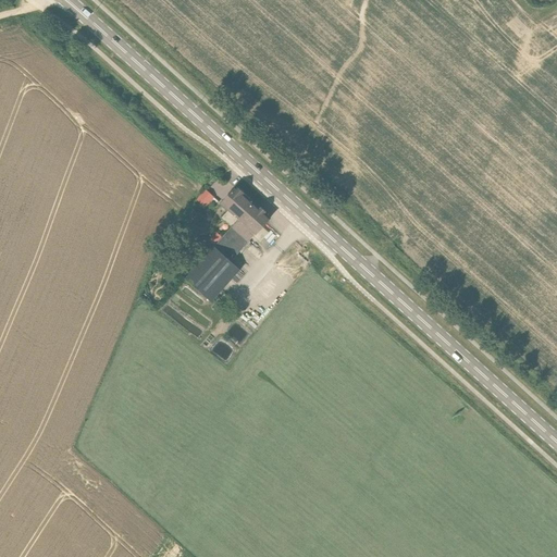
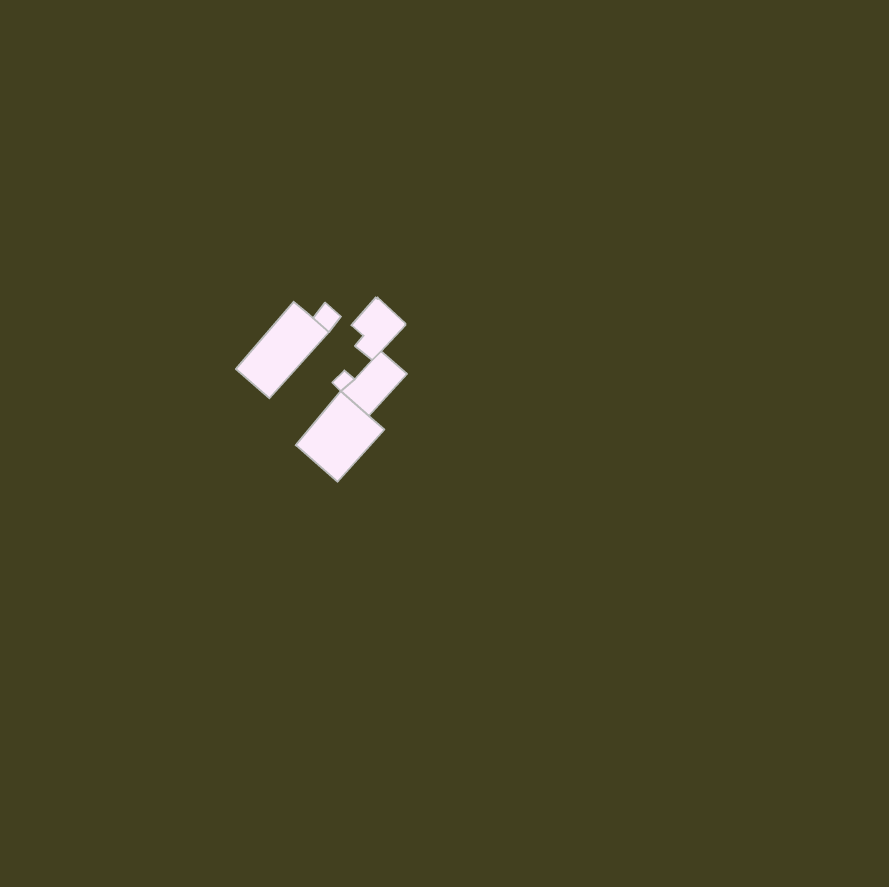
building: none -> [236,302,329,398]
building: [238,203,270,234] -> none

